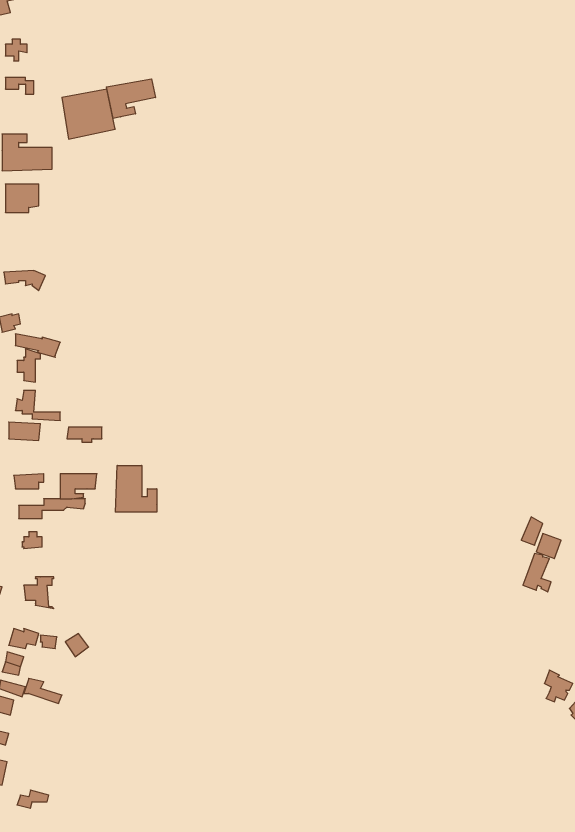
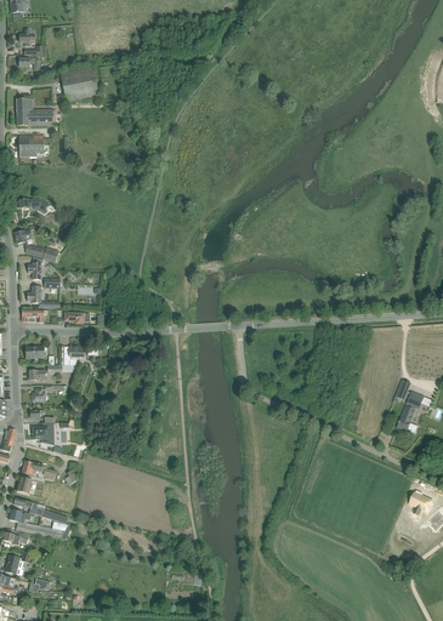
building: [106,79,155,119] -> none
building: [115,465,157,512] -> none

